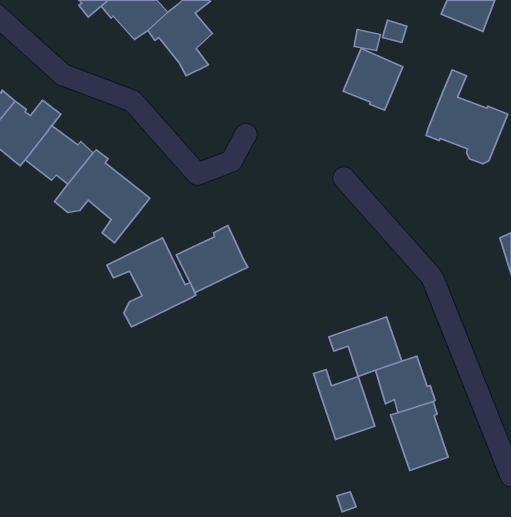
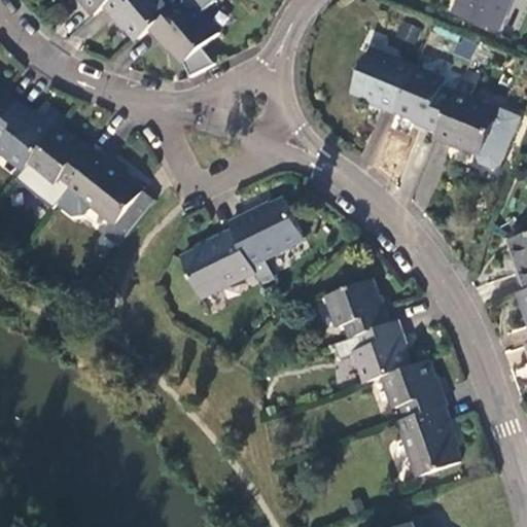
building: none -> [392,68,451,131]
building: none -> [14,163,69,201]
building: none -> [229,202,300,265]
building: [107,238,196,327] -> none
building: none -> [327,281,385,338]
building: [313,370,375,440] -> none

